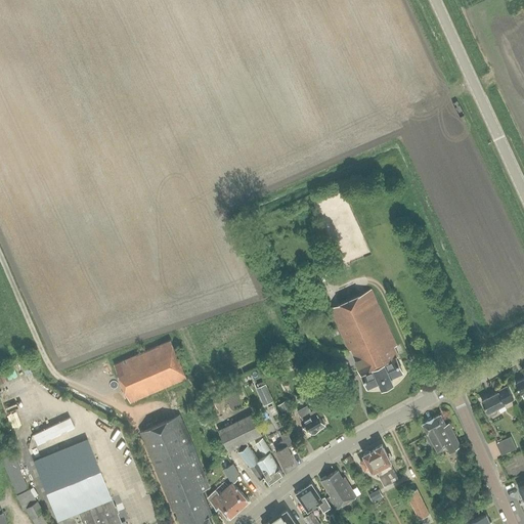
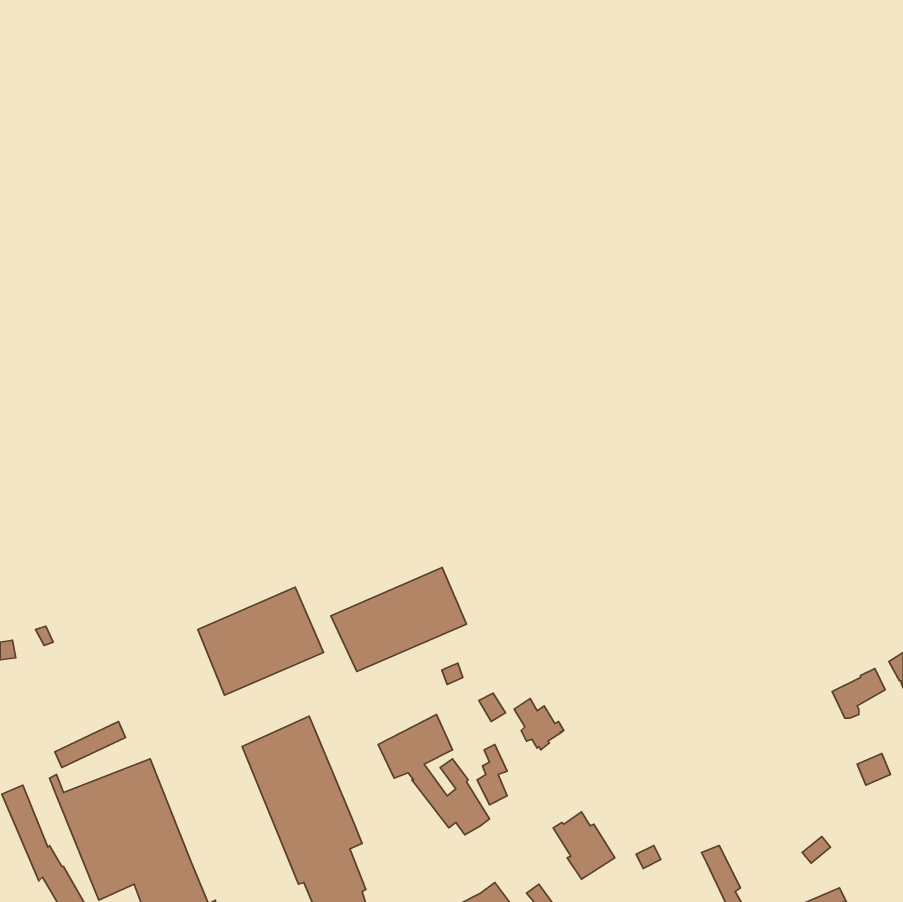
building: [330,291,402,389] -> none
building: none -> [331,567,467,671]
building: [423,416,461,453] -> none
building: [360,445,397,486] -> none
building: [208,465,249,518] -> none
building: [296,484,332,513] -> none

